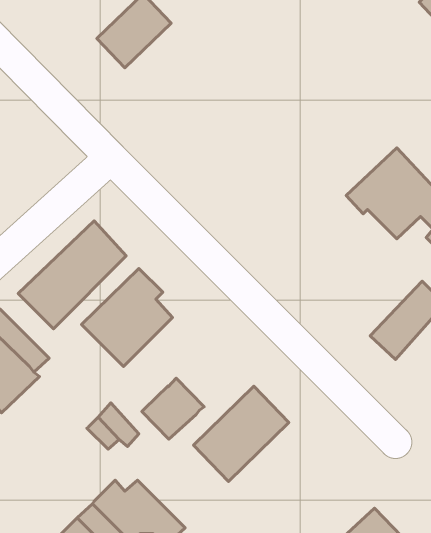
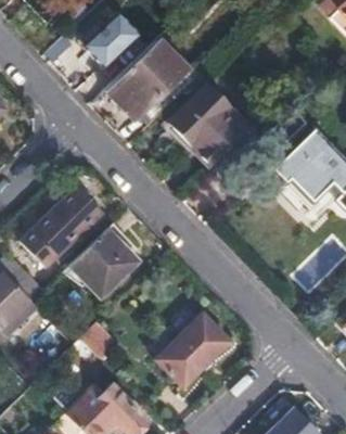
building: none -> [108,38,195,119]
building: none -> [169,86,249,165]
building: [142,378,204,439] -> none

